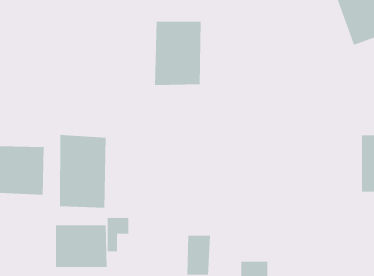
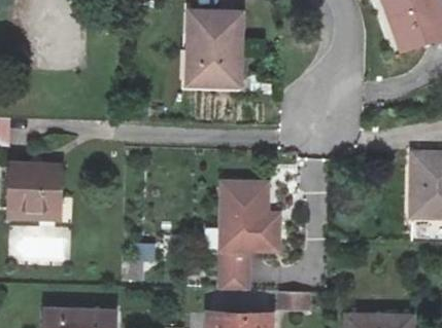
building: [59,134,106,208] -> none
building: none -> [220,195,268,262]
building: [56,225,107,268] -> none

